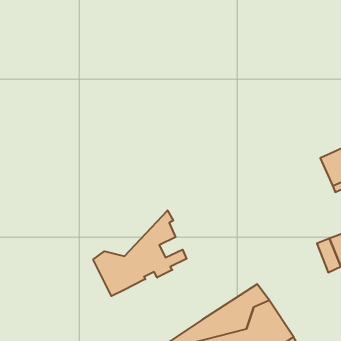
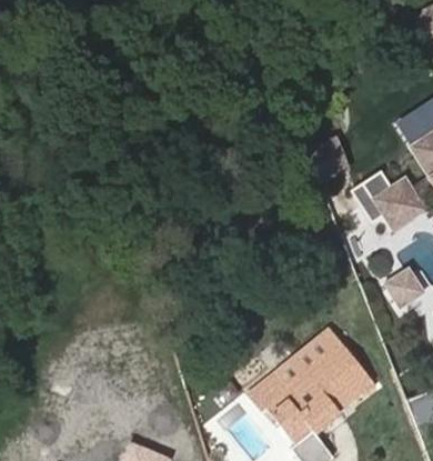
building: [93,210,187,296] -> none

